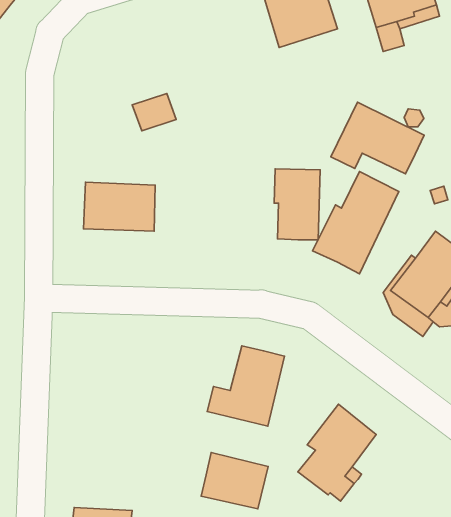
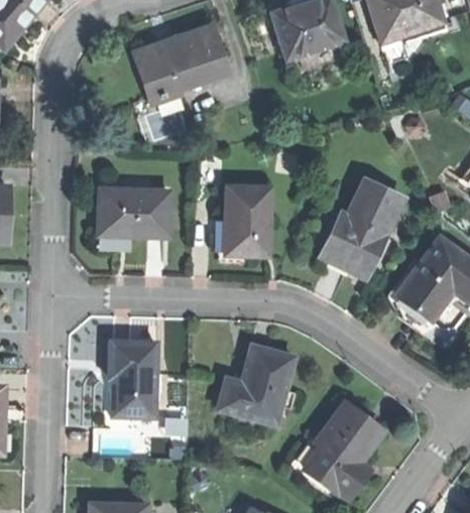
building: none -> [139,23,230,95]
building: [331,102,424,174] -> none
building: [274,169,320,240] -> [226,184,270,253]
building: none -> [108,340,155,416]
building: [201,453,268,509] -> none

